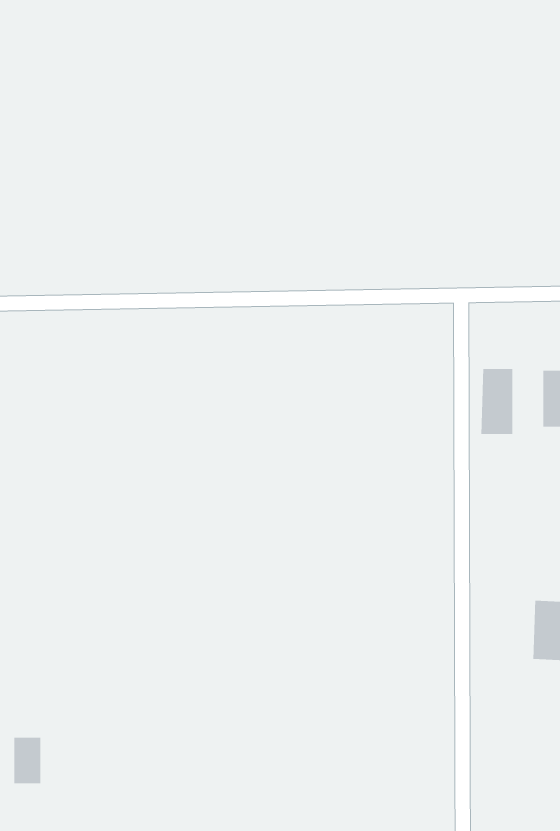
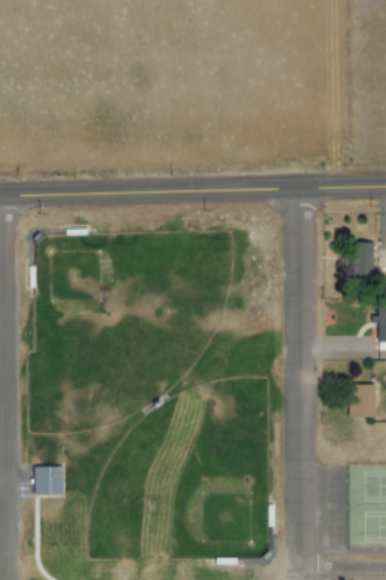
building: [480,368,513,435] -> none

